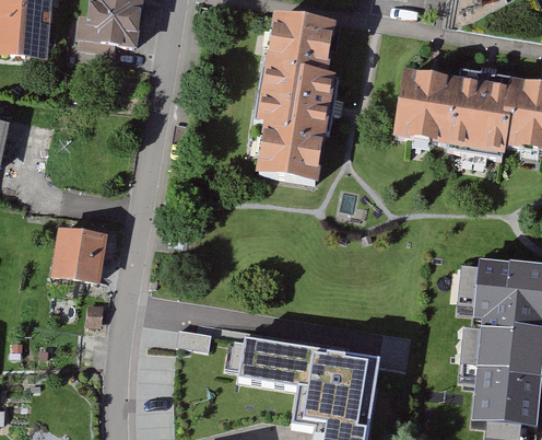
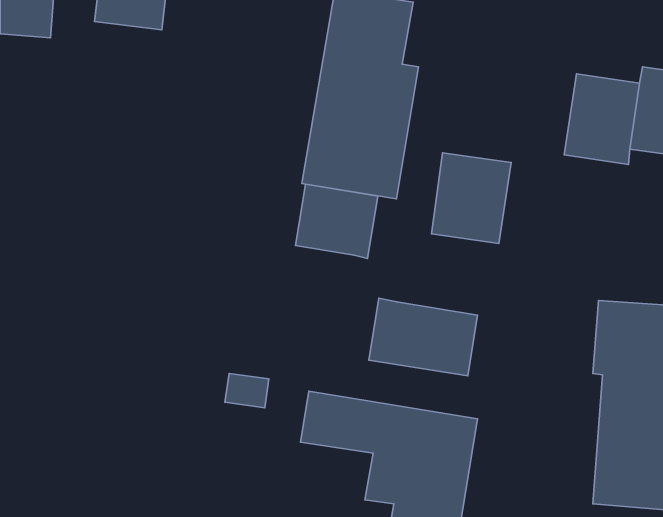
building: [397,74,460,147] -> [431,153,511,243]
building: none -> [295,184,378,258]
building: [50,224,105,283] -> none
building: none -> [369,298,478,376]

